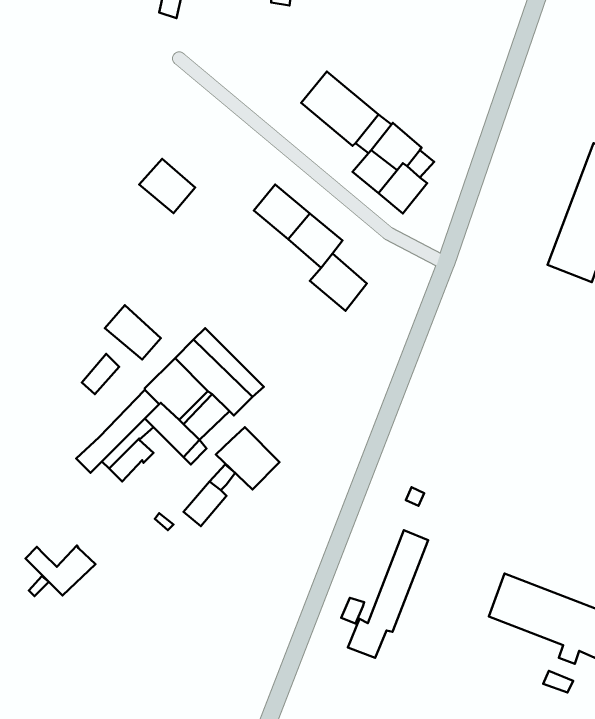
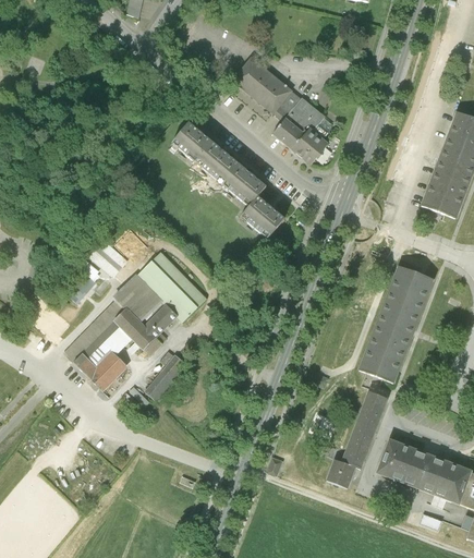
building: [139,159,195,213] -> [172,121,215,162]
building: none -> [358,265,433,381]
building: [216,427,280,490] -> none
building: [348,530,428,658] -> [326,390,387,487]
building: [25,545,96,596] -> [74,352,127,390]

